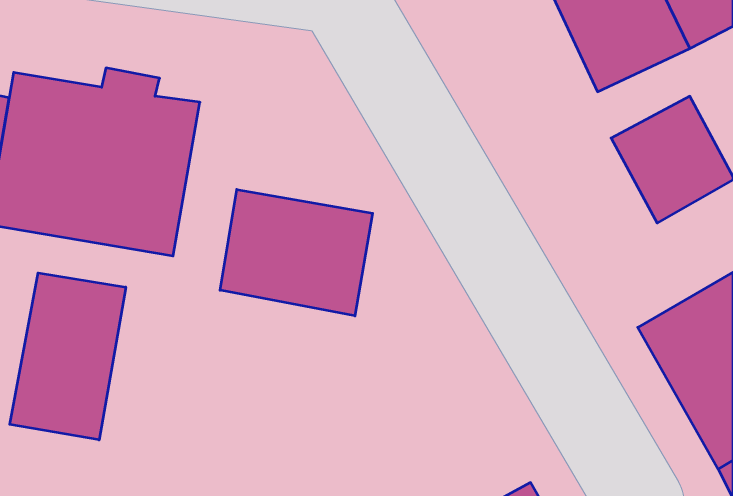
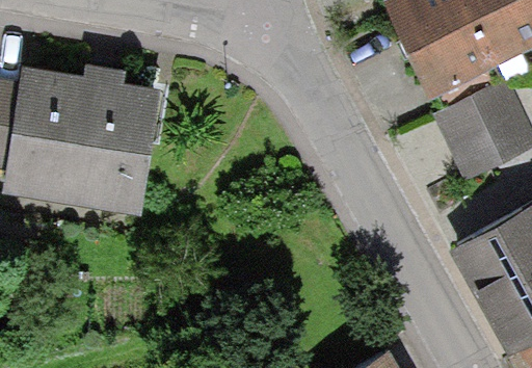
building: [220,189,373,316] -> none
building: [10,273,126,440] -> none

